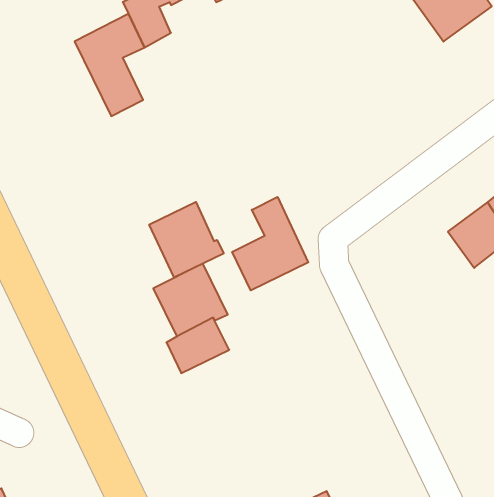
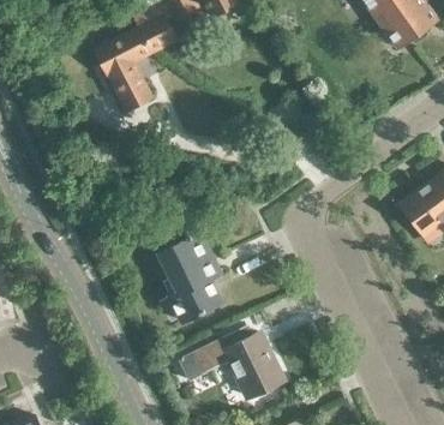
building: [232,197,308,290] -> none
building: [149,202,224,277] -> none
building: none -> [178,334,281,397]

